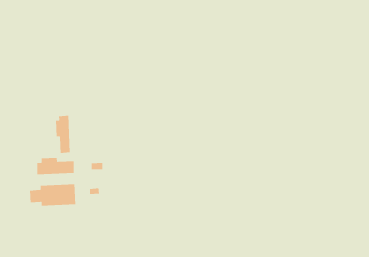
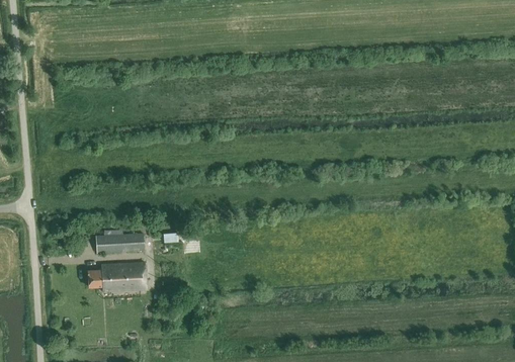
building: [55,115,71,154] -> none

